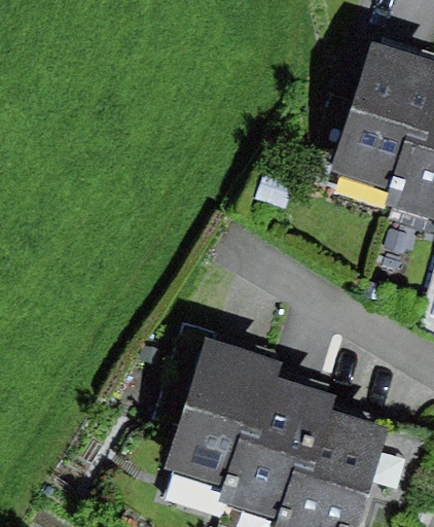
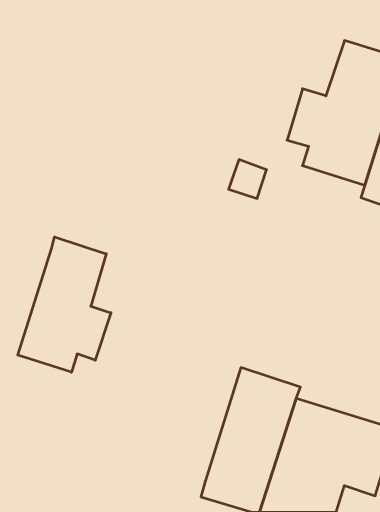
building: none -> [18,237,111,372]
building: [156,323,275,491] -> none

